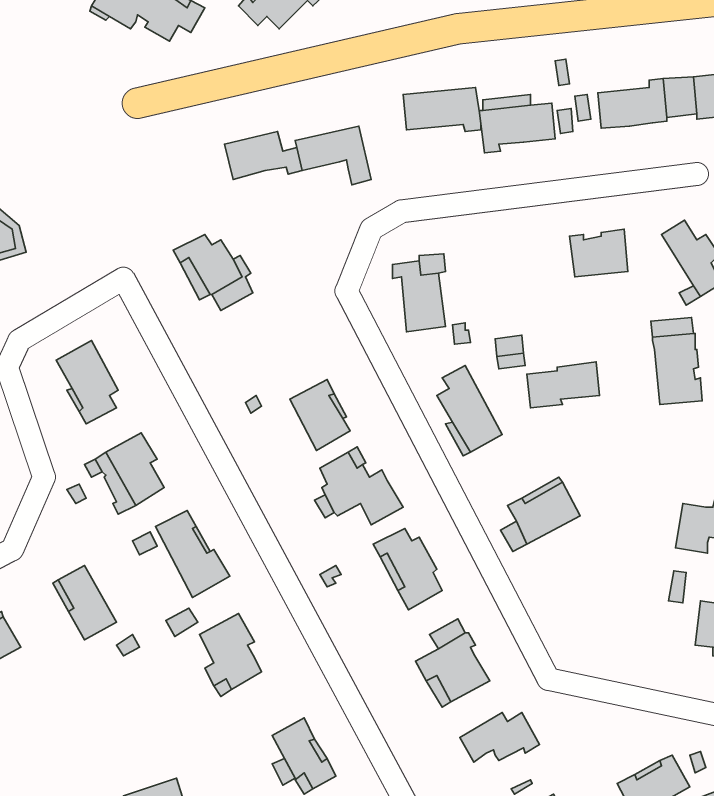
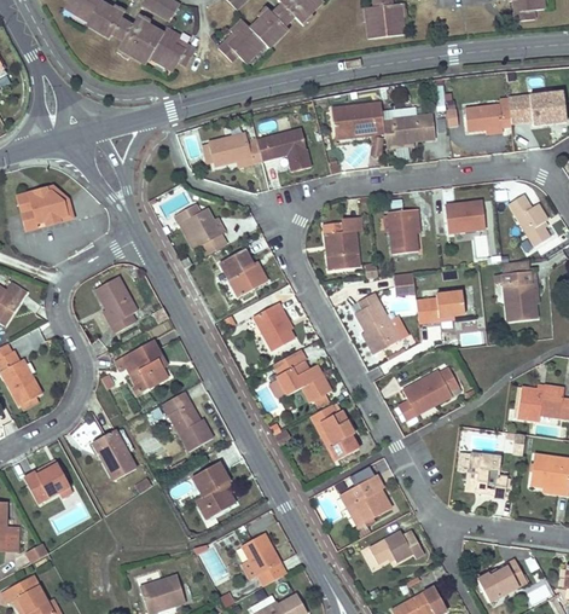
building: none -> [387,209,418,254]
building: none -> [220,249,268,297]
building: none -> [465,454,510,502]

